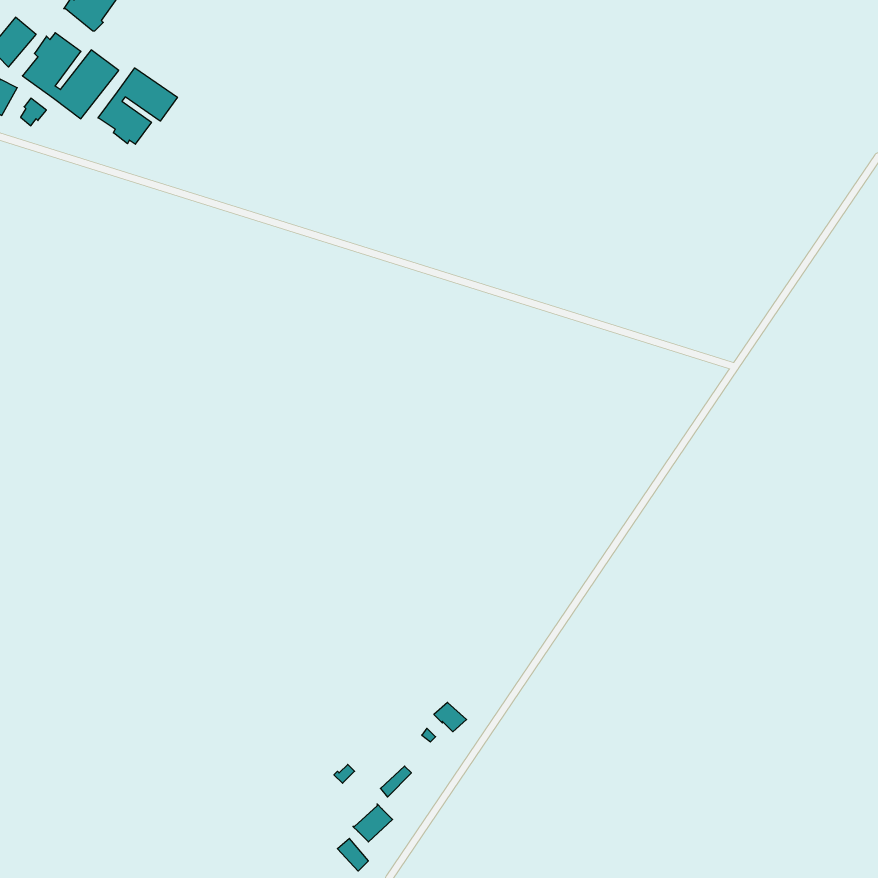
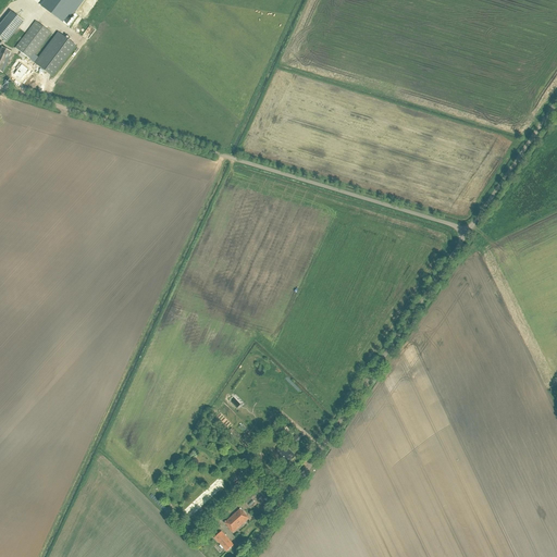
building: [98,68,177,144] -> none

